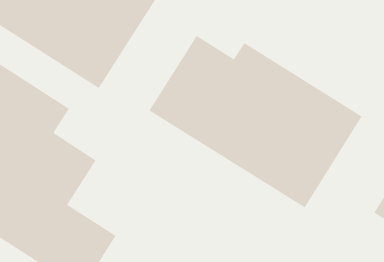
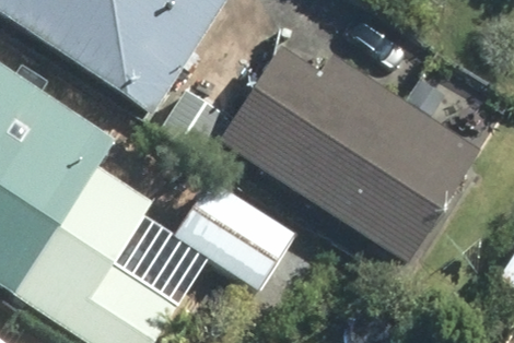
building: none -> [171,172,295,287]

